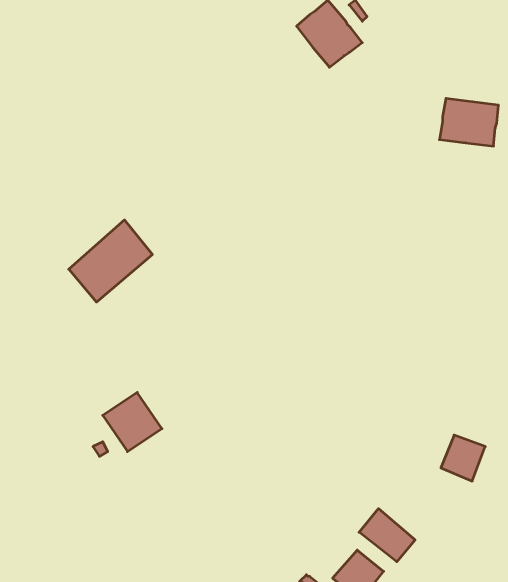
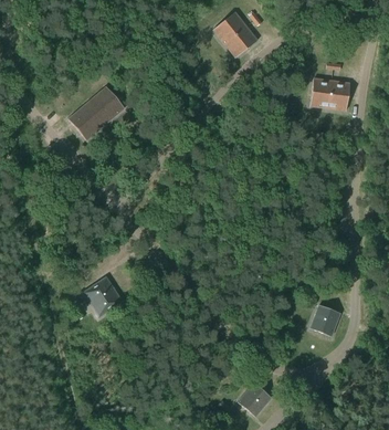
building: [69,220,152,302] -> [69,85,125,140]
building: [359,509,415,562] -> none

